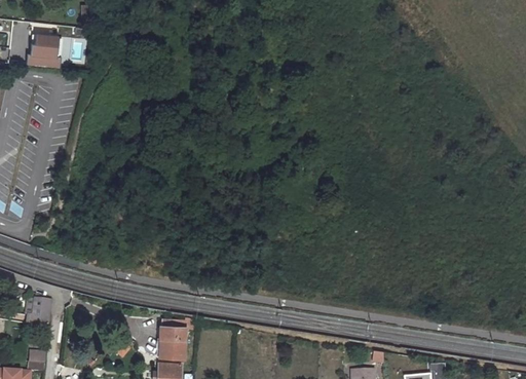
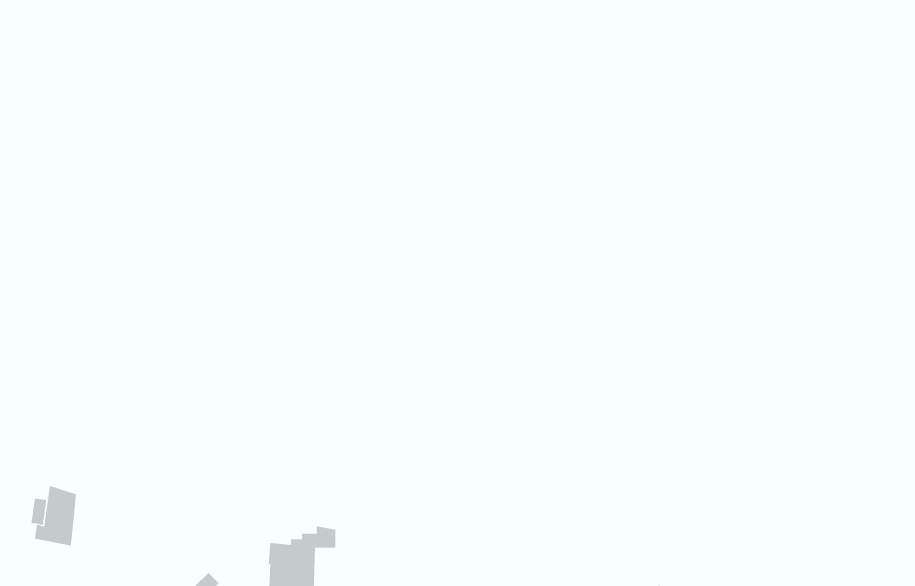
building: [26,33,61,67] -> none

